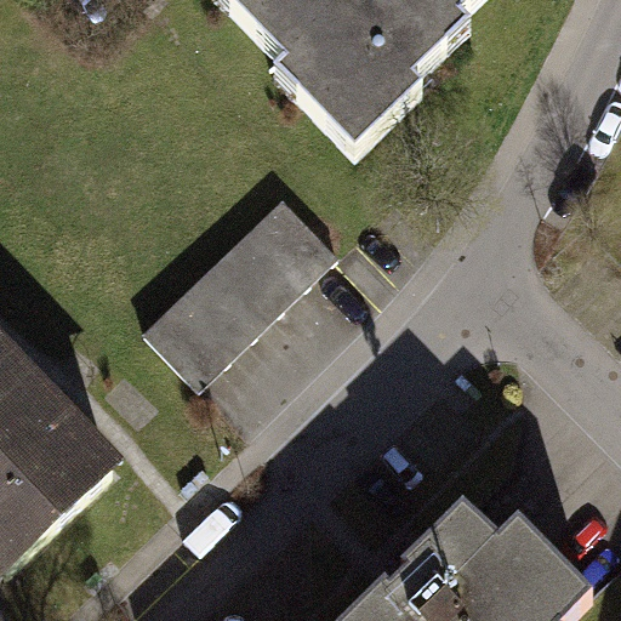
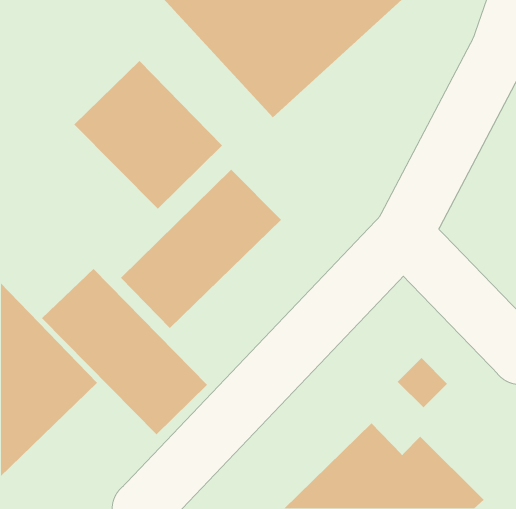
building: none -> [73,60,223,209]
building: none -> [41,268,208,435]

